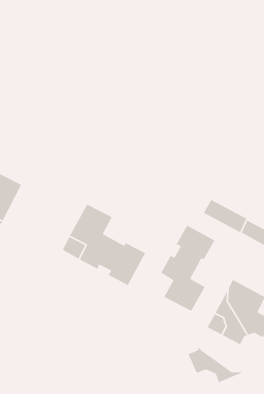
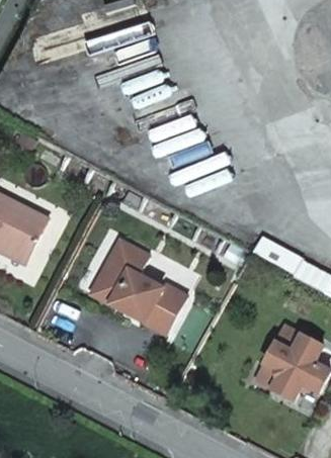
building: [160,225,215,312] -> none
building: [188,346,246,383] -> none

